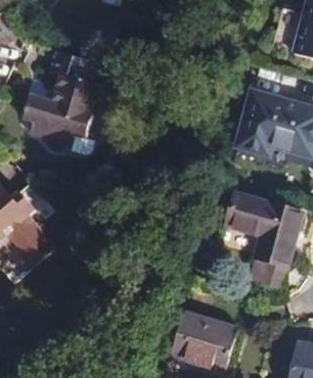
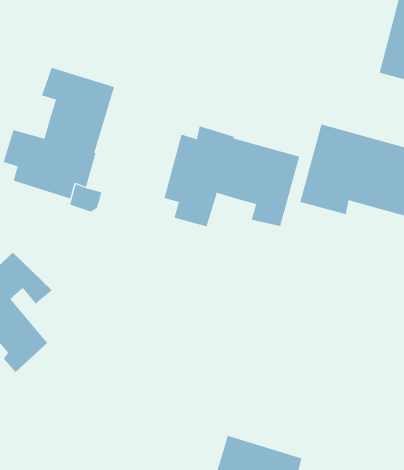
building: none -> [164,126,300,227]
building: [225,193,302,288] -> none

